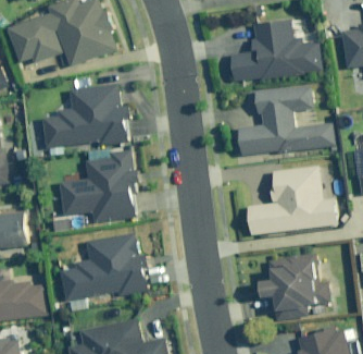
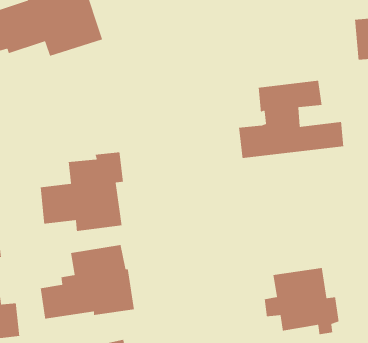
building: [230,20,320,81] -> none
building: [43,84,124,147] -> none
building: [248,166,336,234] -> none

